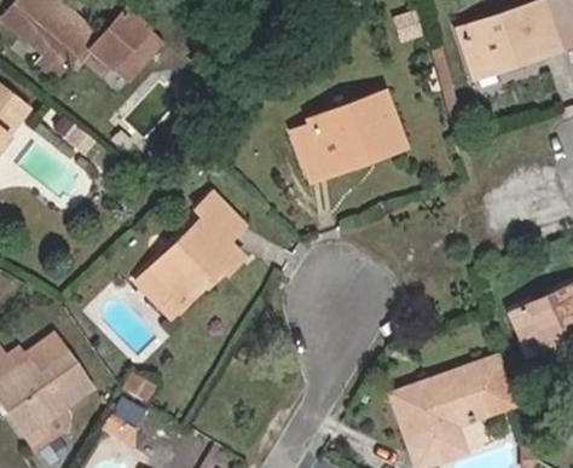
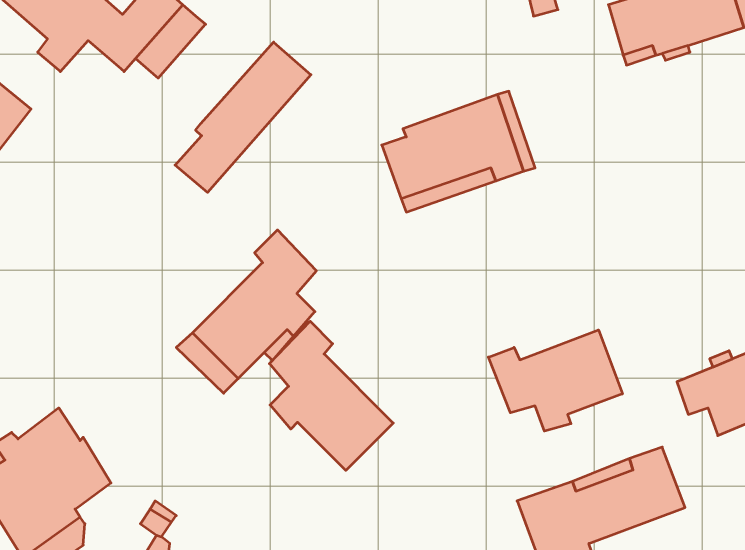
building: none -> [175,42,311,192]
building: none -> [269,321,393,470]
building: none -> [488,330,622,431]

